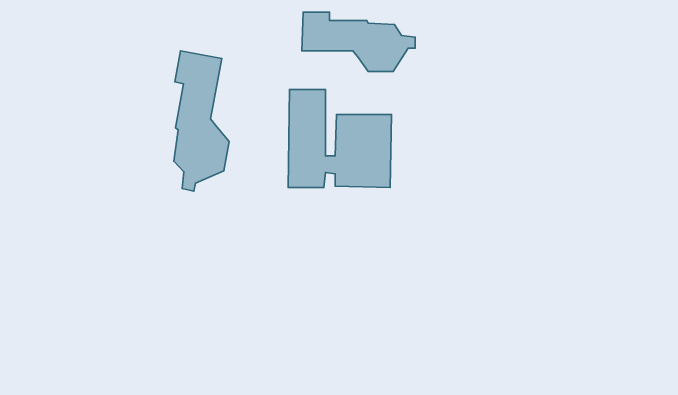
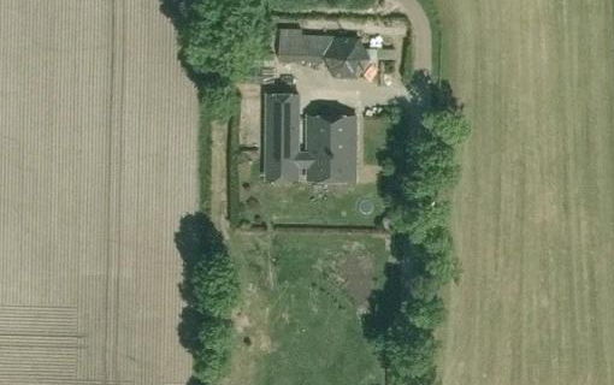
building: [174,51,229,191] -> none

